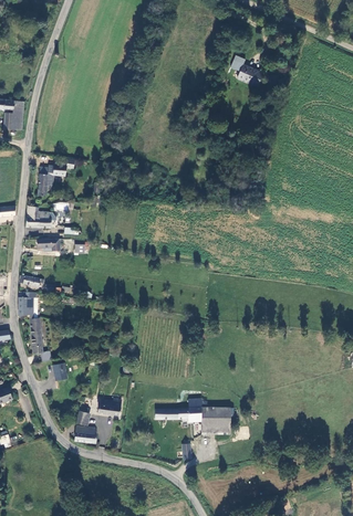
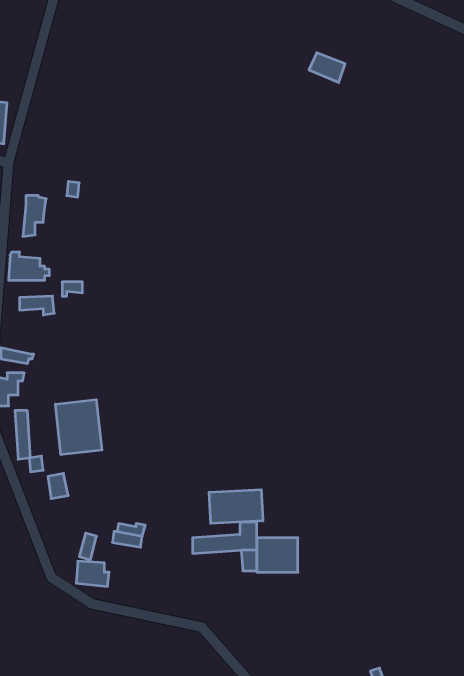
building: none -> [55,400,102,455]
building: none -> [209,490,263,523]

